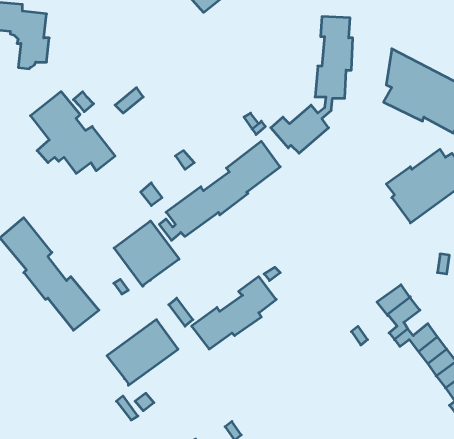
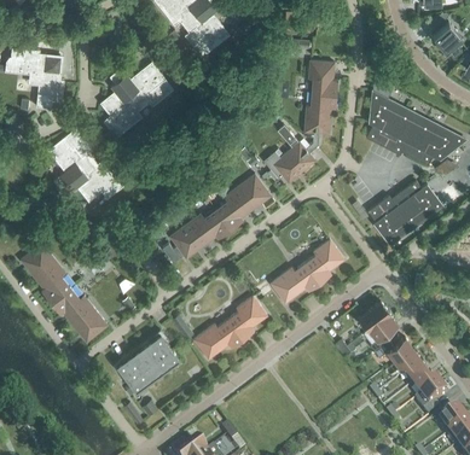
building: none -> [100,62,174,138]
building: none -> [269,238,344,304]
building: [114,221,179,286] -> none

